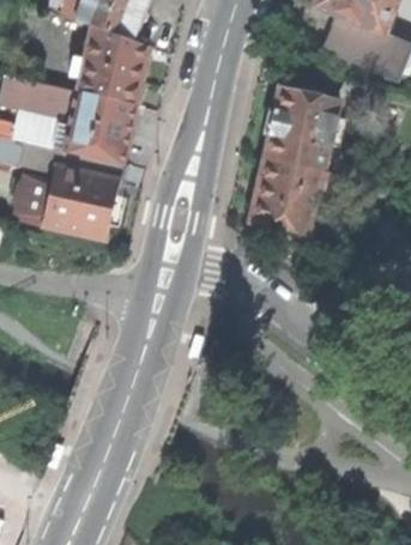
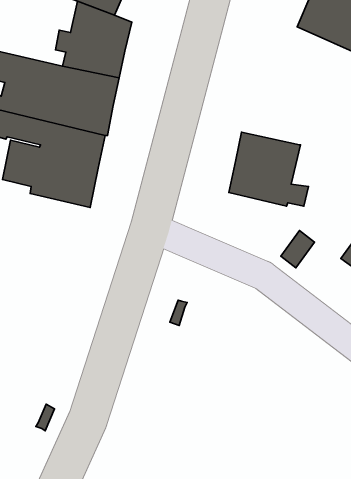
building: [264,89,338,171] -> none

